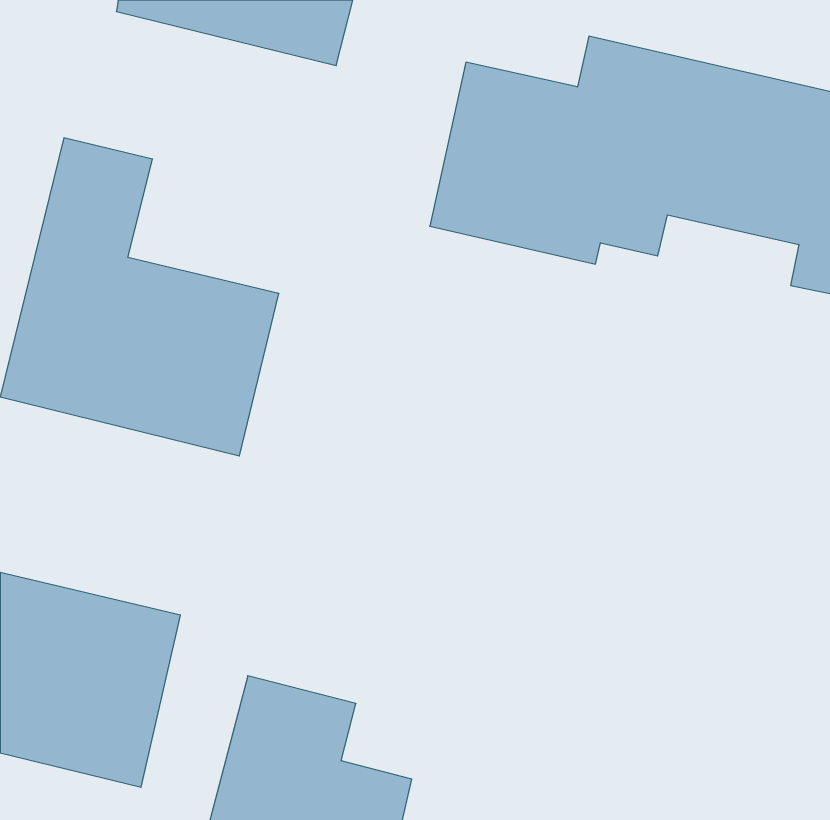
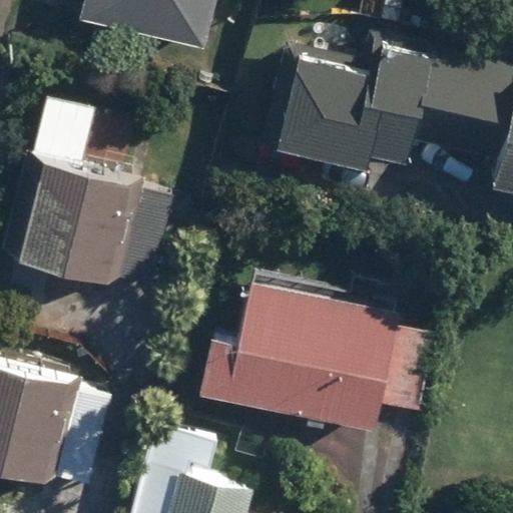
building: none -> [192,282,397,434]

